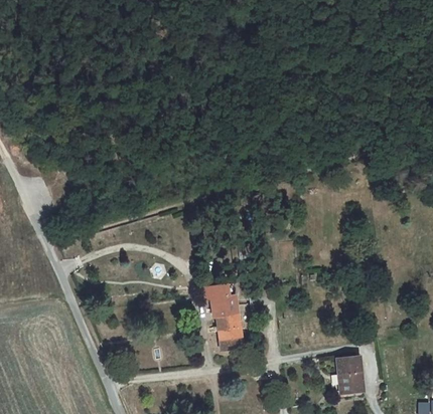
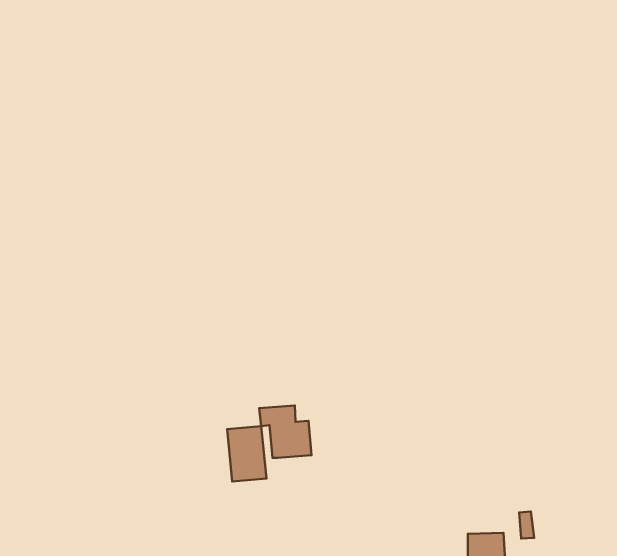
building: [216,315,243,350] -> [227,426,266,481]

